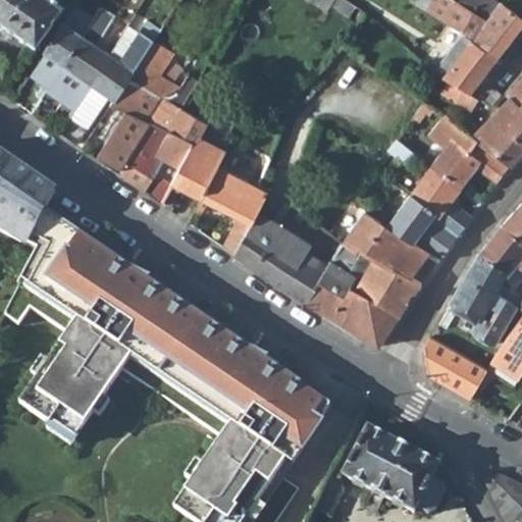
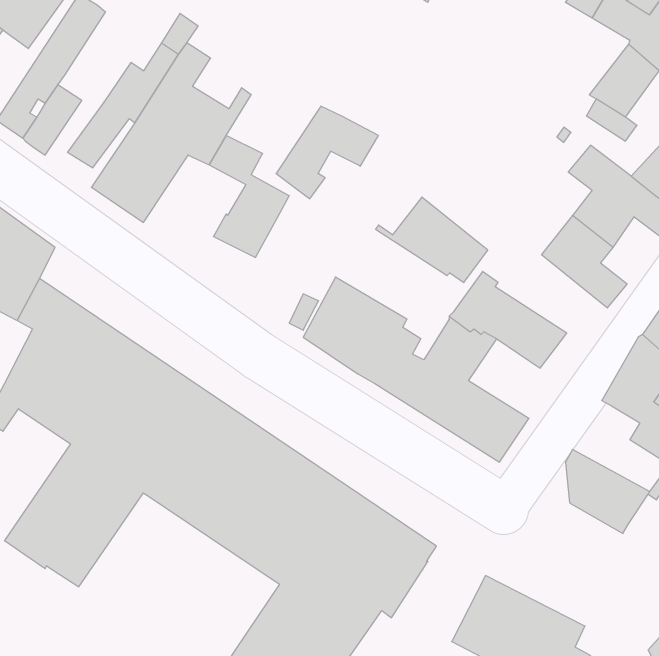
building: [63,35,111,83] -> none
building: [120,121,195,189] -> [276,106,378,199]
building: [202,166,248,212] -> none
building: [376,194,458,256] -> [376,197,488,283]
building: [357,255,421,313] -> none

